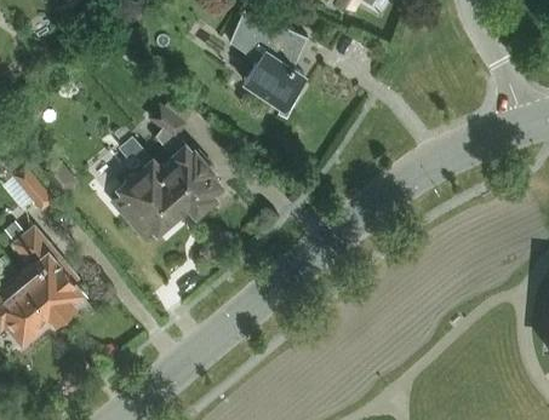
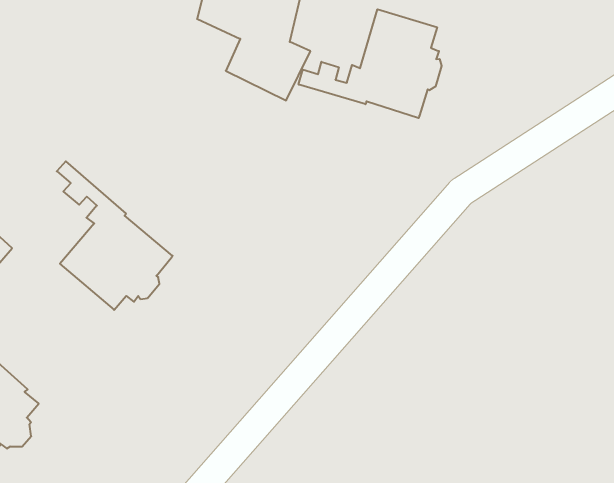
building: none -> [299,9,442,118]
building: [151,108,219,215] -> none

